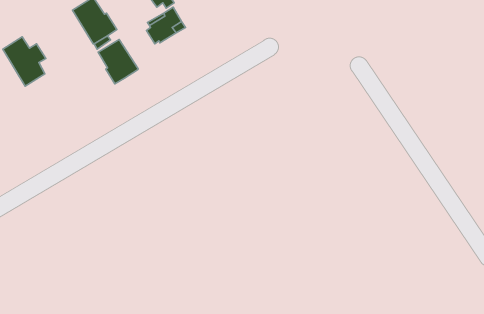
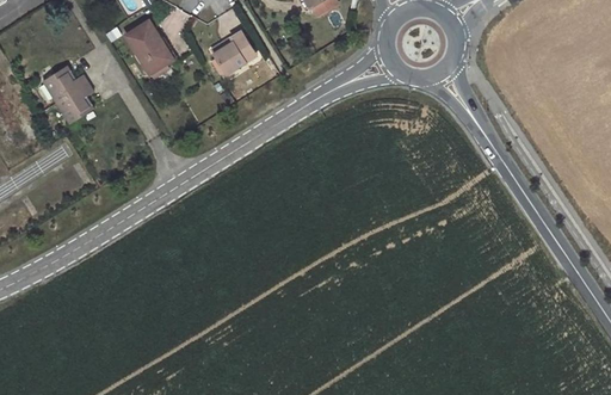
building: [98,40,138,84] -> none

